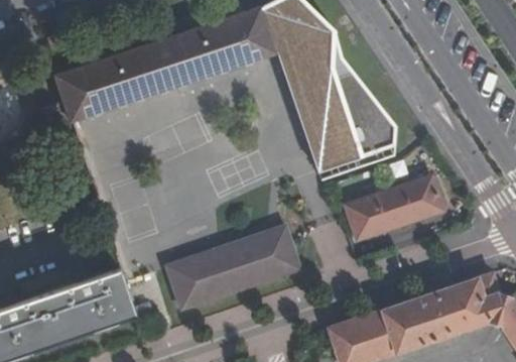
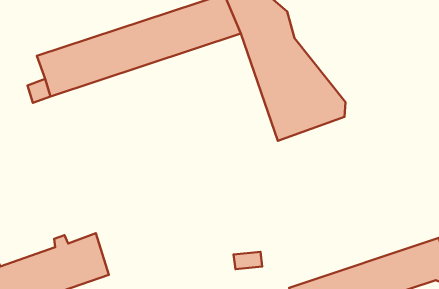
building: [346,176,443,241] -> none
building: [165,226,301,311] -> none

